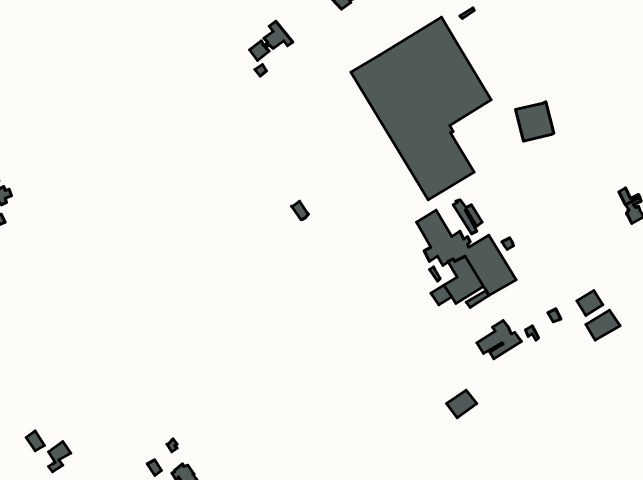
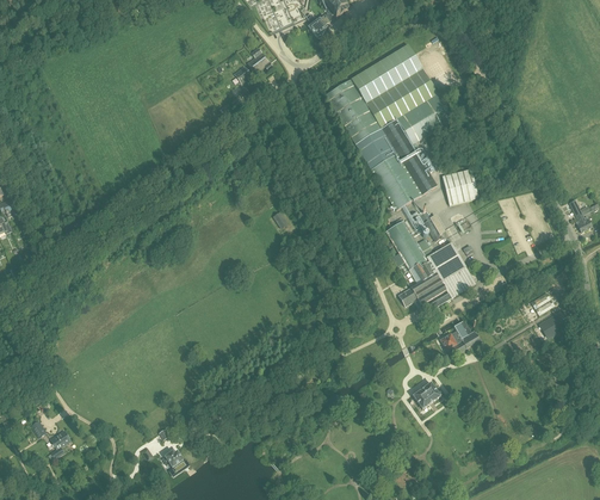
building: [516,102,554,141] -> [441,169,476,205]

